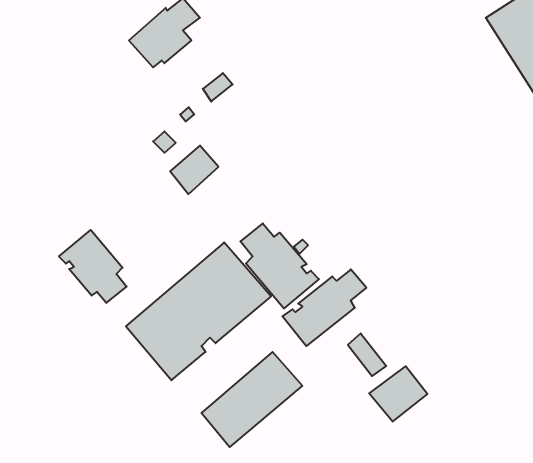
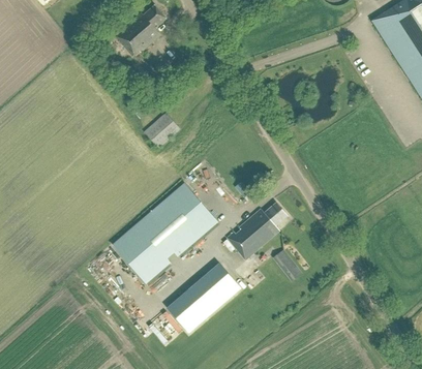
building: [240,223,319,308] -> none
building: [59,230,127,303] -> none
building: [369,366,427,422] -> none

